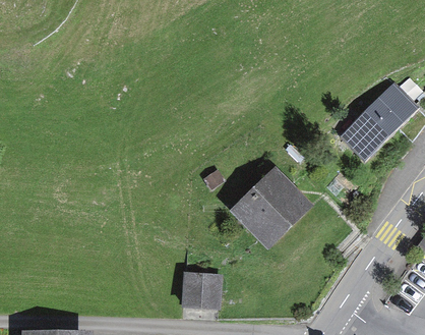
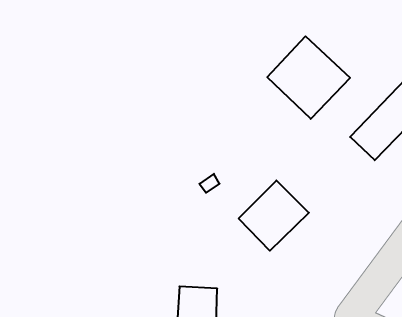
building: none -> [267,36,350,119]

